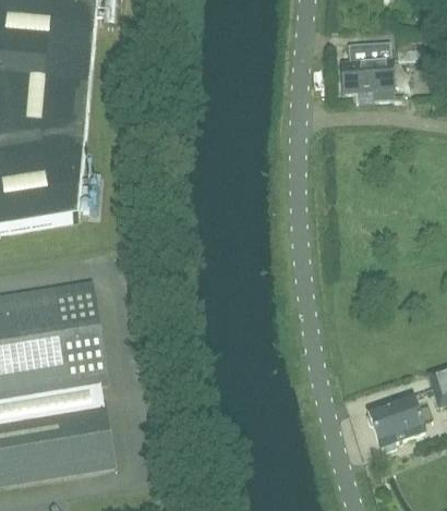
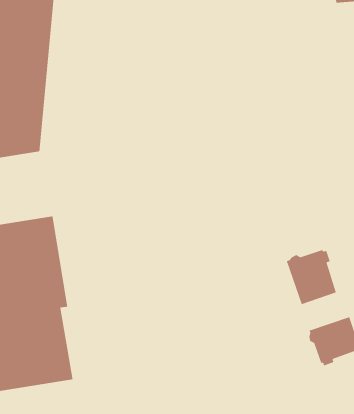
building: [341,54,392,96] -> none
building: none -> [286,249,337,305]

